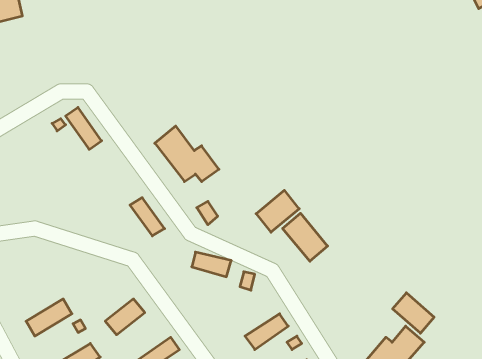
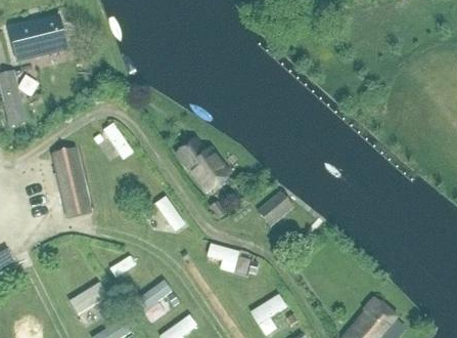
building: none -> [55,149,91,217]
building: [283,213,328,261] -> none
building: [393,293,434,333] -> none

